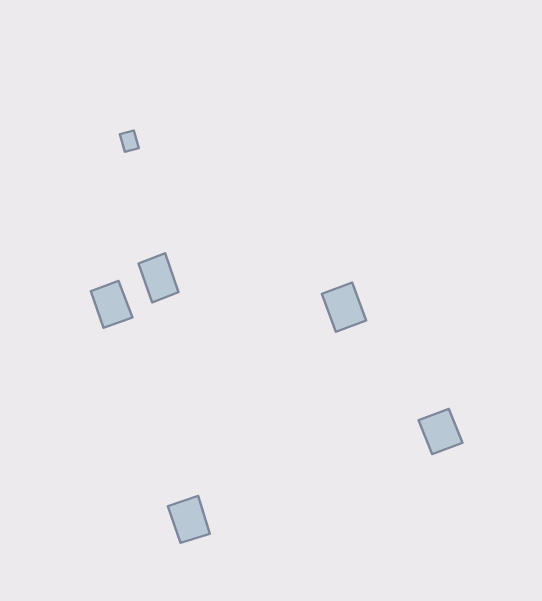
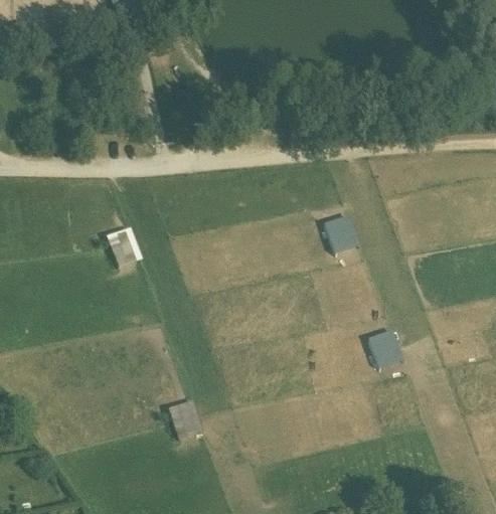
building: [139,253,179,302] -> none
building: [322,282,366,332] -> [322,215,357,254]

